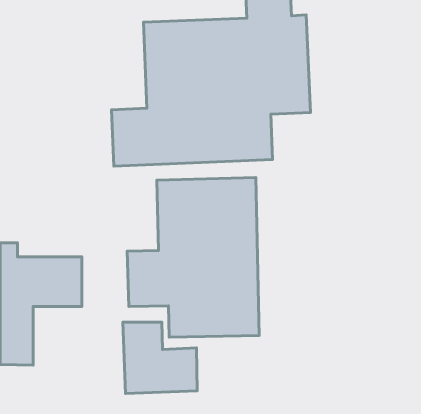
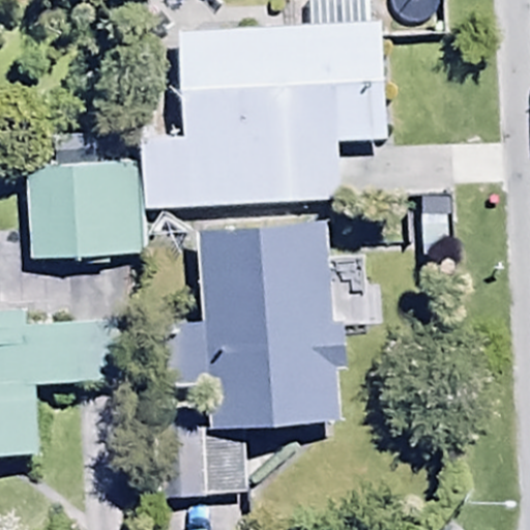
building: none -> [26,157,139,261]

